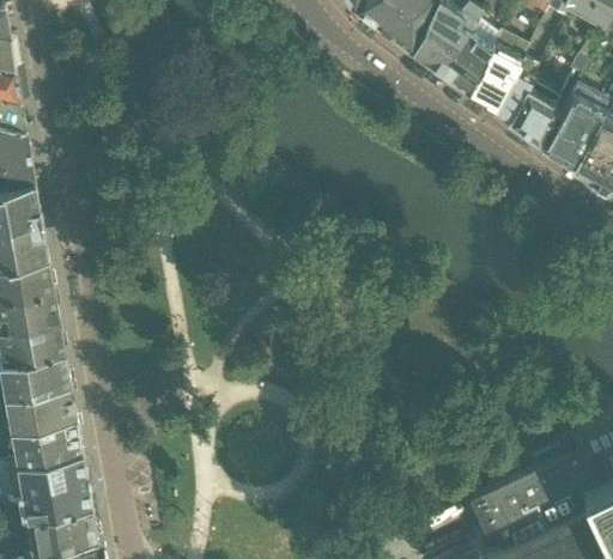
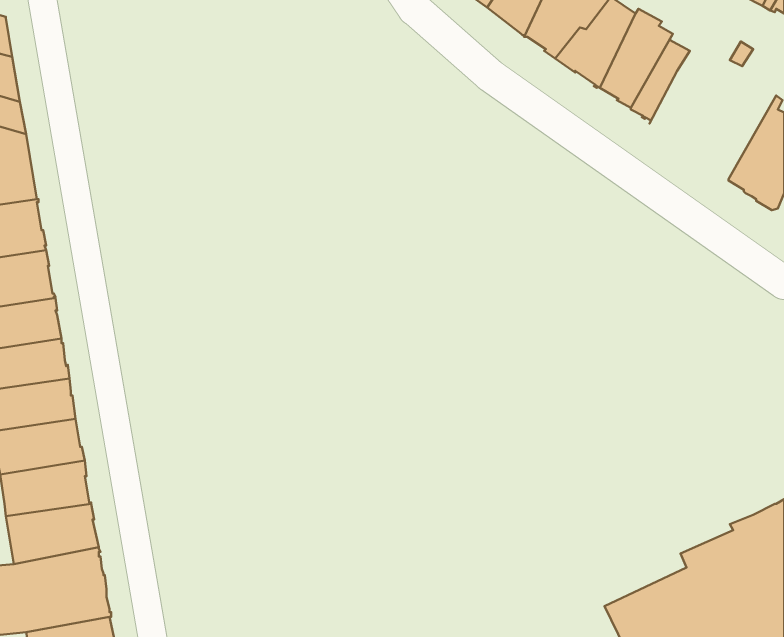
building: [508,81,560,142] -> none
building: [541,85,606,165] -> none

